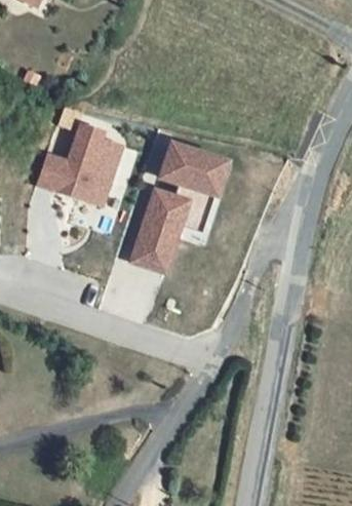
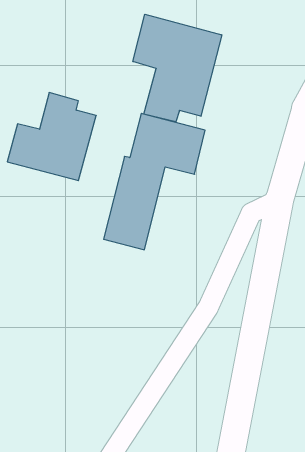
building: none -> [133,14,222,122]

